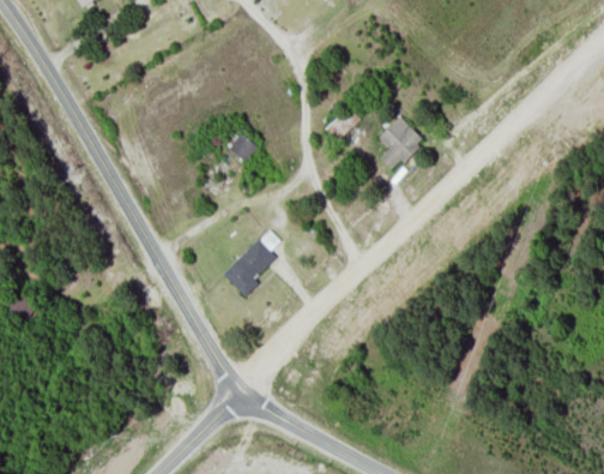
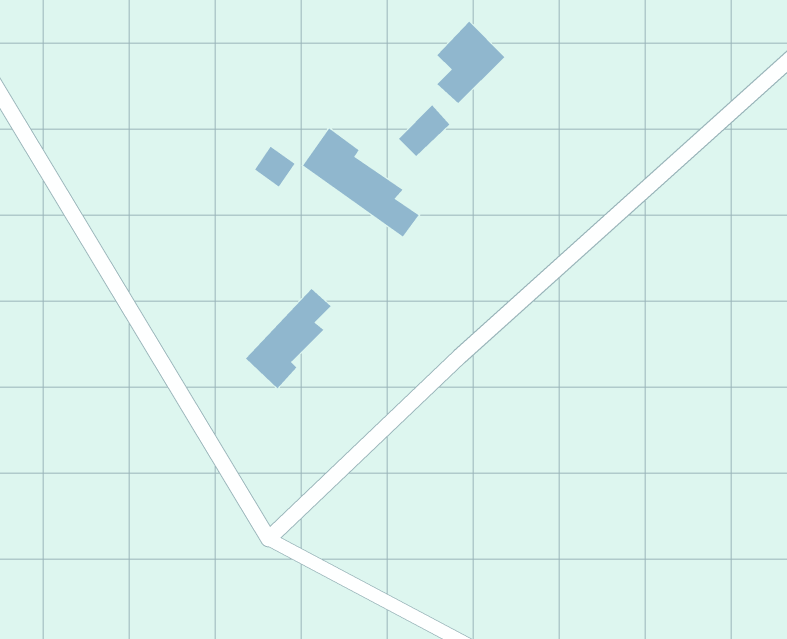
building: [378,115,423,170] -> [437,21,505,104]
building: none -> [302,128,420,237]

